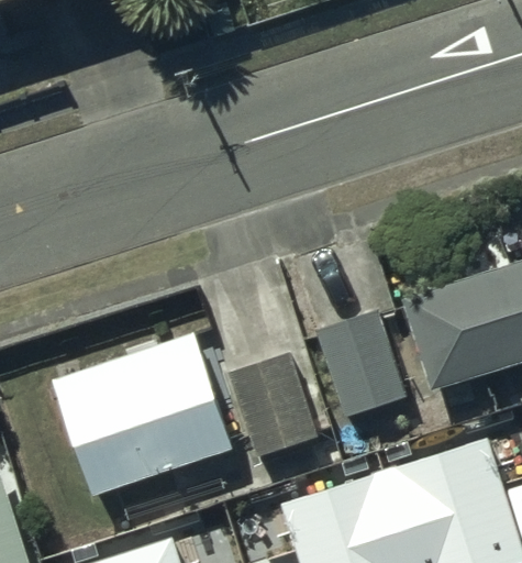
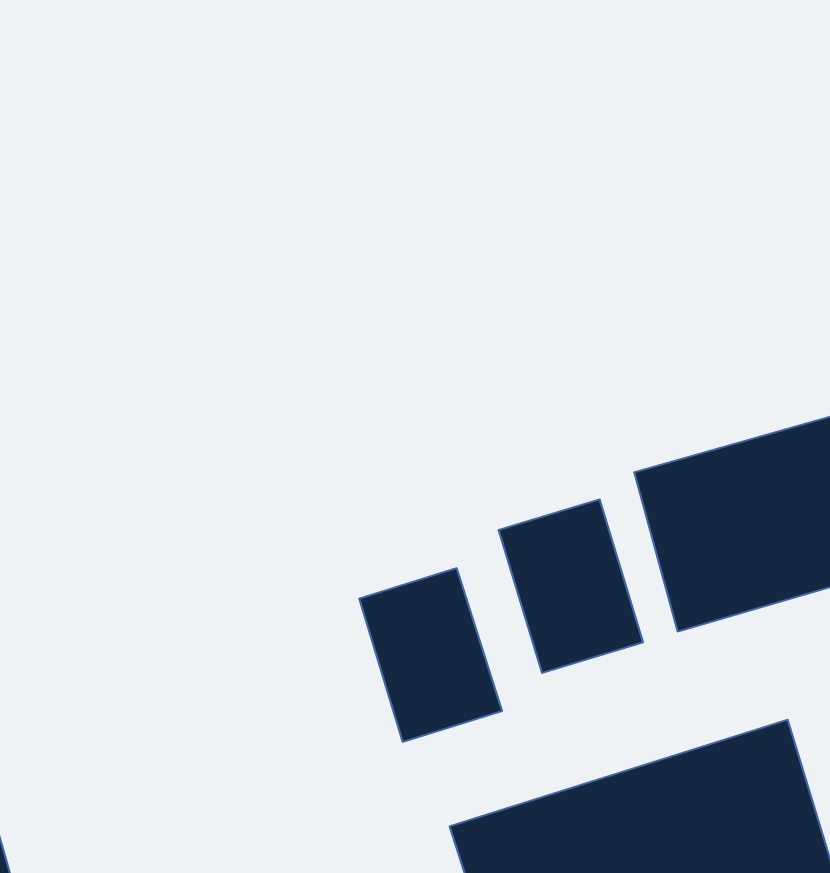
building: [53,338,223,493] -> none

